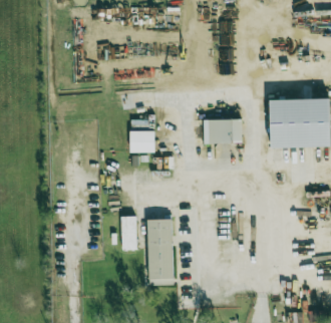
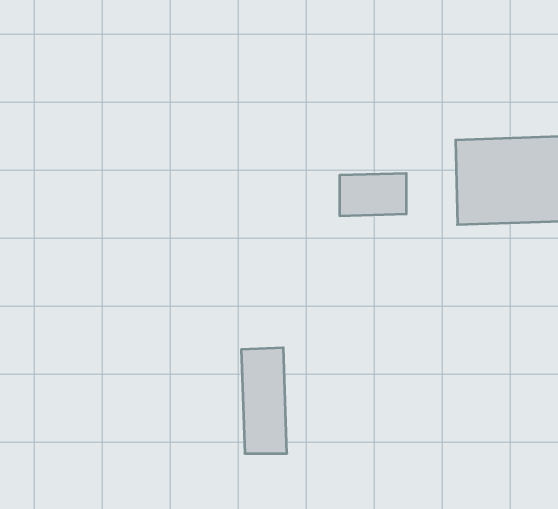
building: [130,129,154,151] -> none
building: [121,216,136,250] -> none

